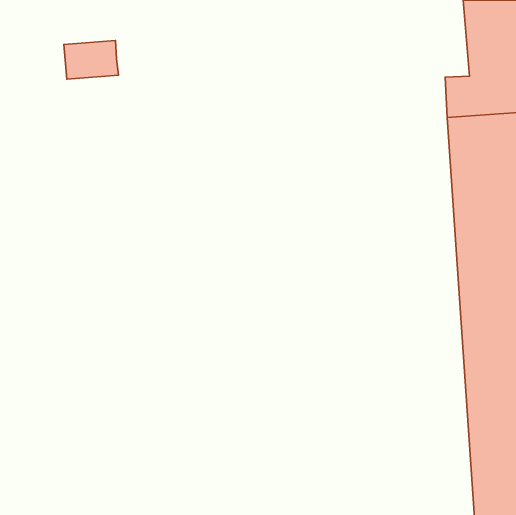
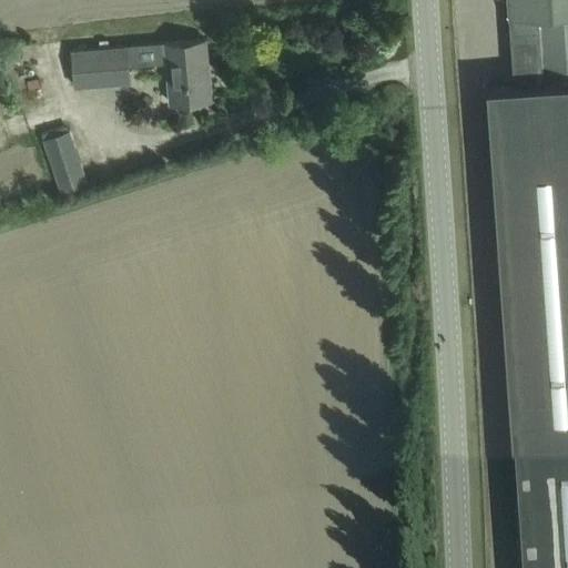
building: none -> [129,42,212,105]
building: none -> [44,132,88,193]

